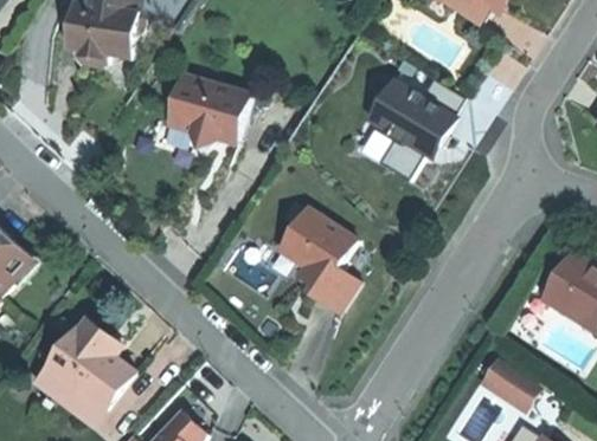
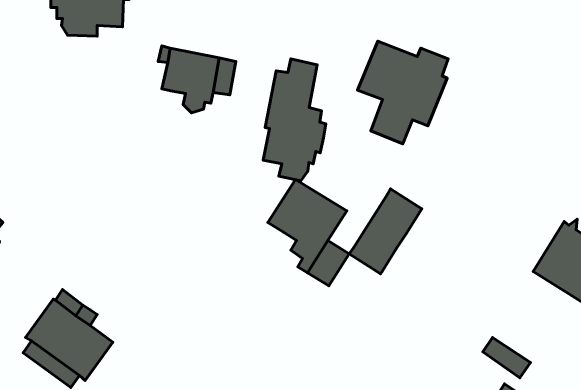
building: none -> [263,59,326,181]
building: none -> [349,189,422,274]

